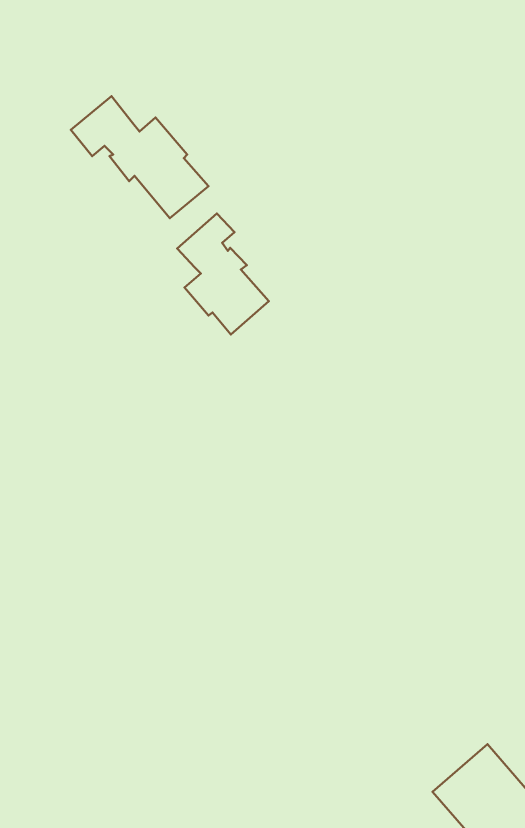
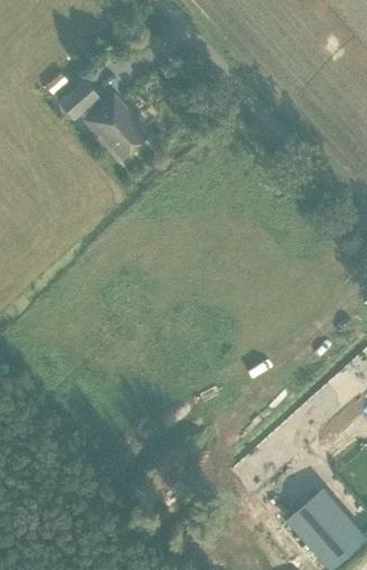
building: [177,213,269,335] -> none

